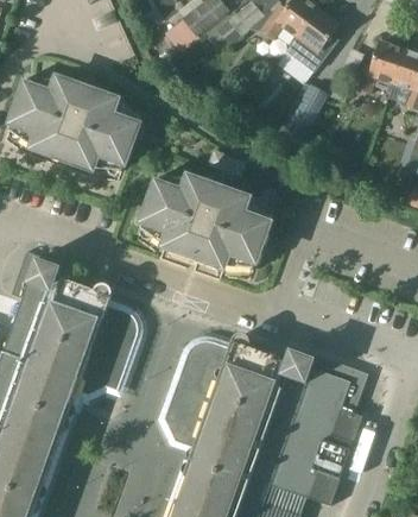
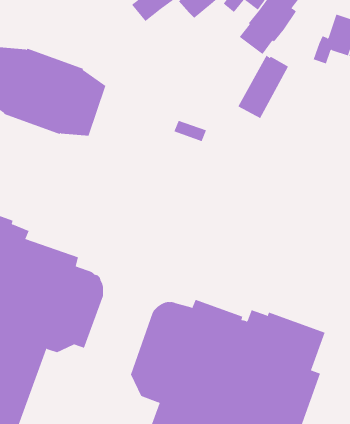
building: [141,176,272,269] -> none

